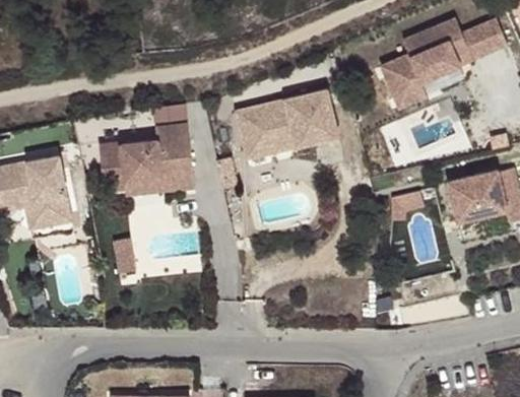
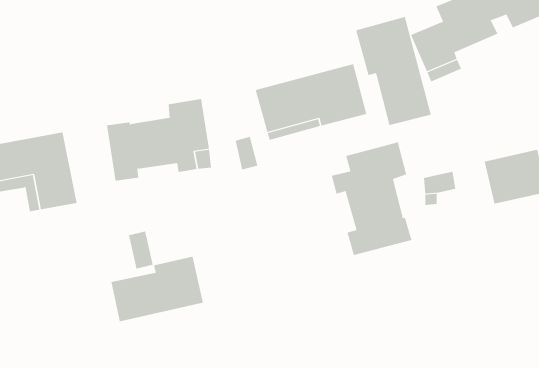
building: none -> [356,16,431,126]
building: none -> [331,141,412,256]
building: none -> [111,256,204,322]

